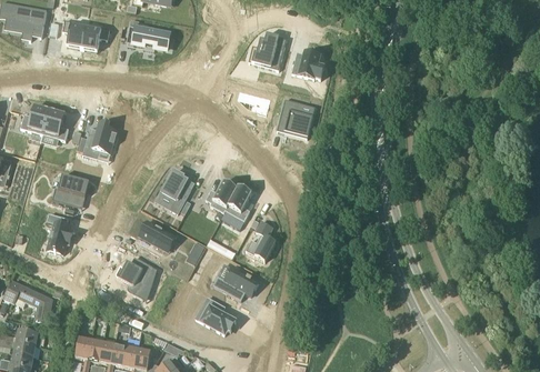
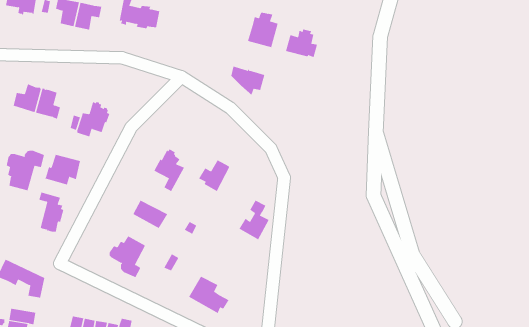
building: [278,99,312,139] -> none
building: none -> [6,150,45,191]
building: [220,185,251,229] -> none
building: [212,267,258,300] -> none

